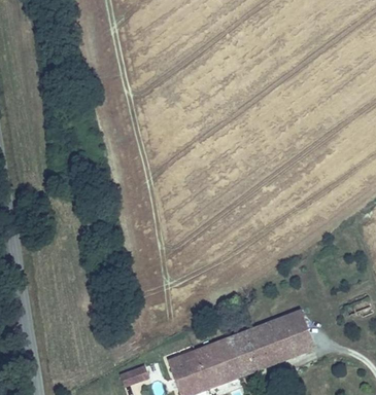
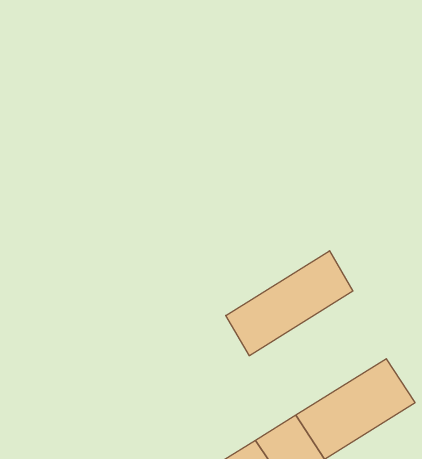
building: none -> [226,251,353,356]

